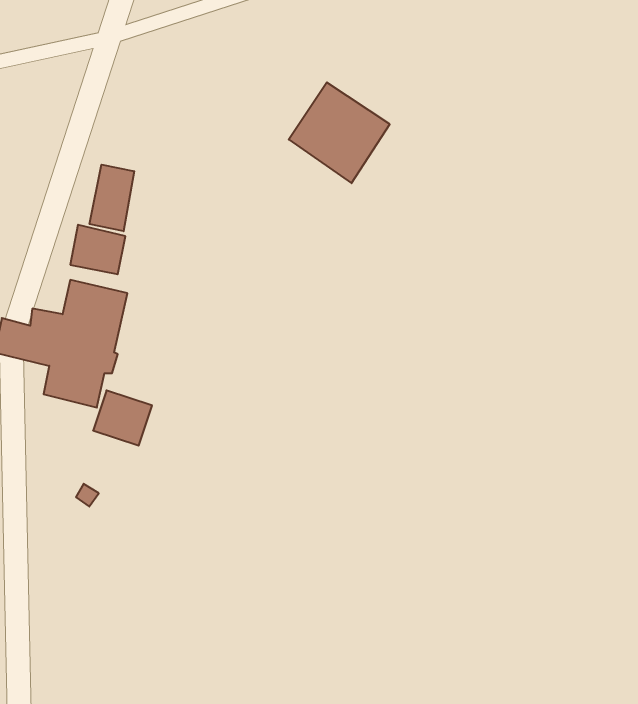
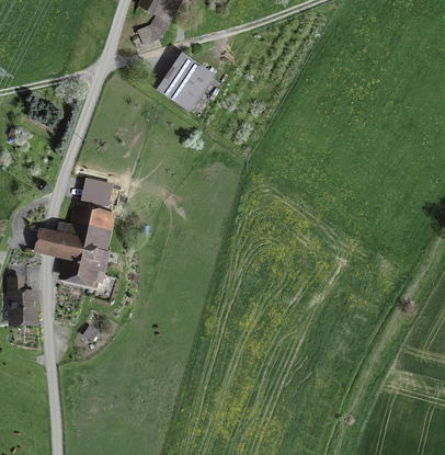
building: [289,82,390,183] -> [162,57,220,115]
building: [90,165,134,231] -> none

